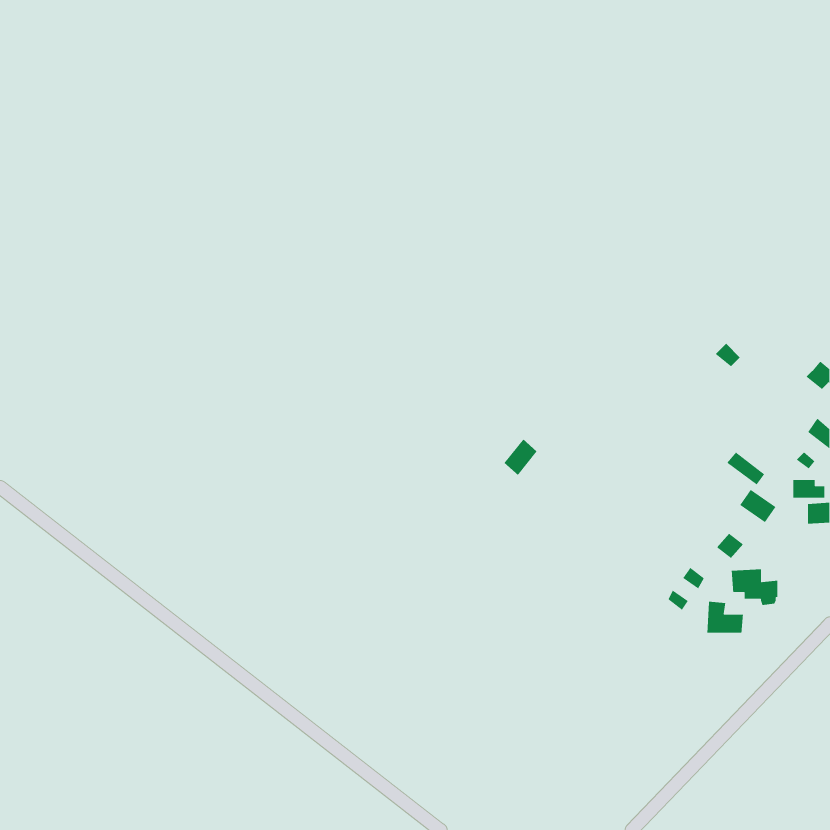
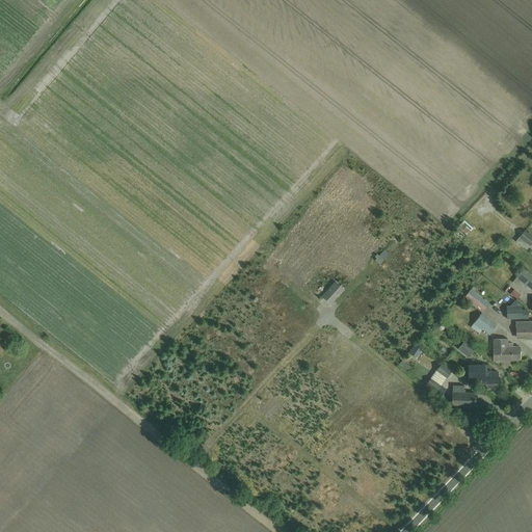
building: none -> [493,338,520,360]

